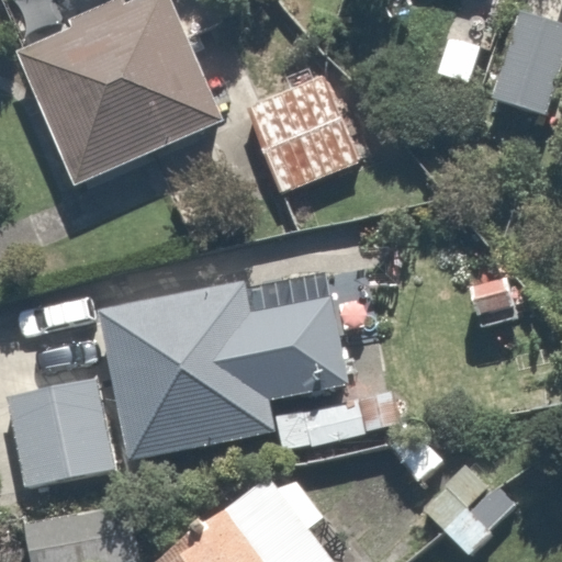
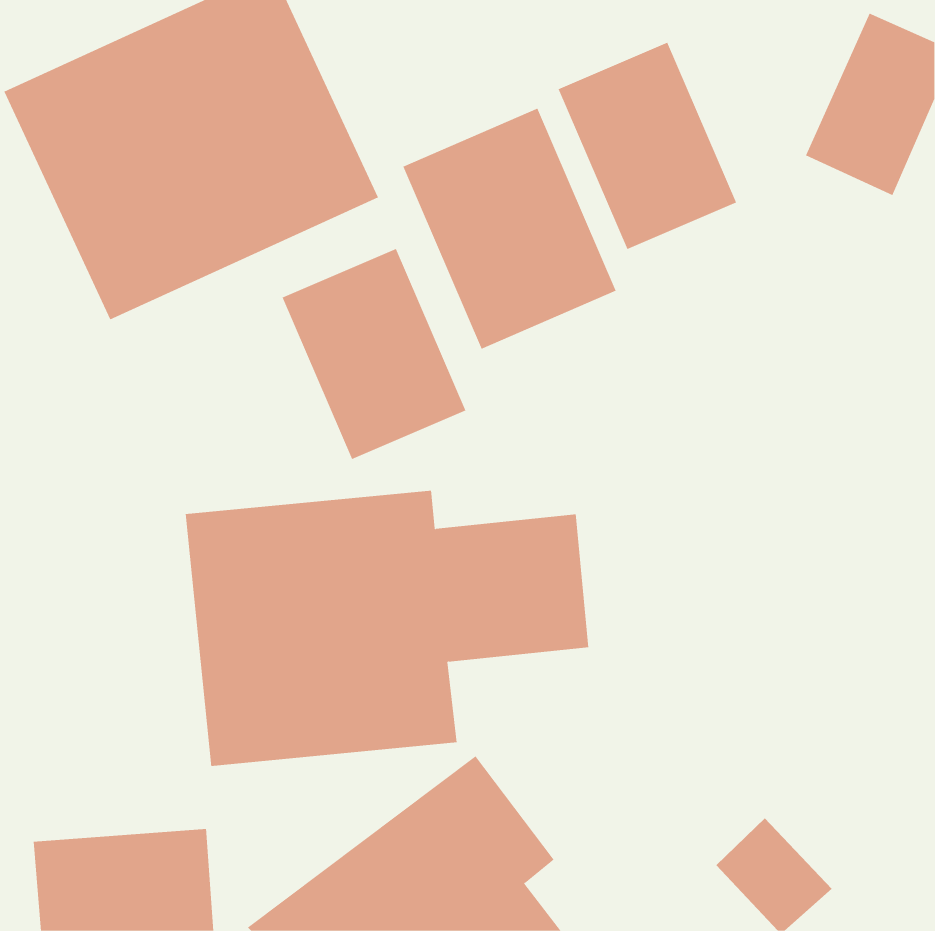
building: none -> [558,42,737,250]
building: none -> [282,248,466,460]
building: [4,376,115,482] -> none

